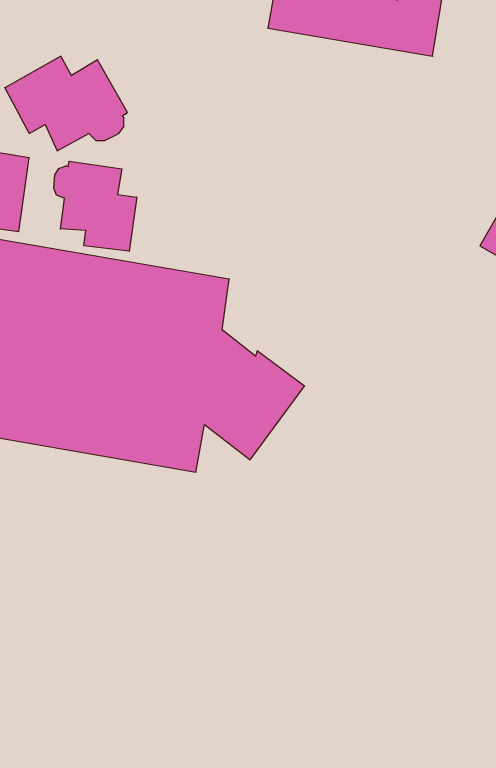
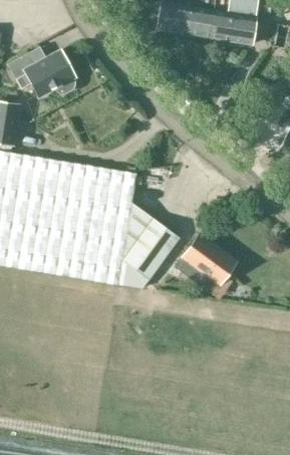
building: [54,161,137,251] -> none
building: none -> [173,231,234,291]

